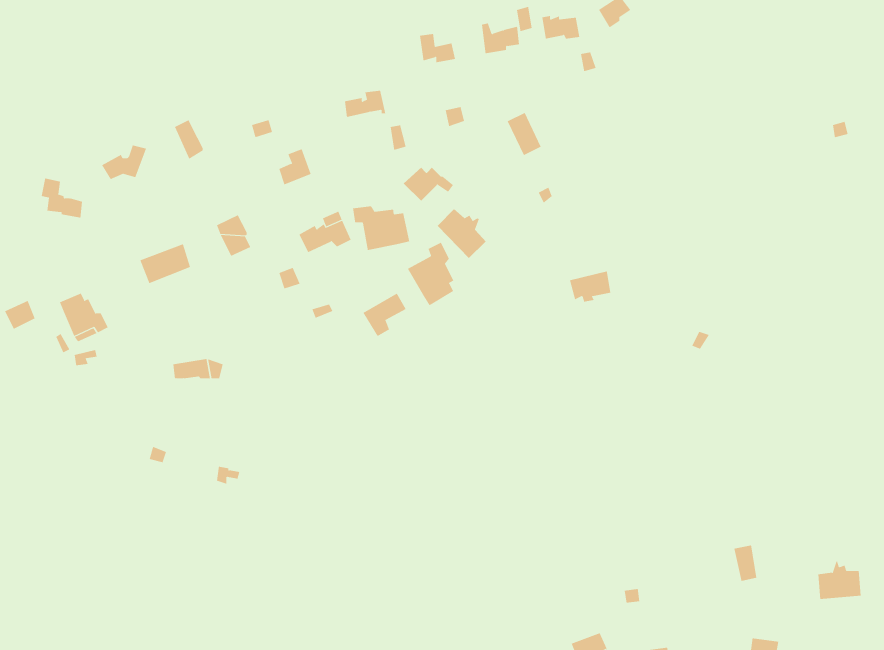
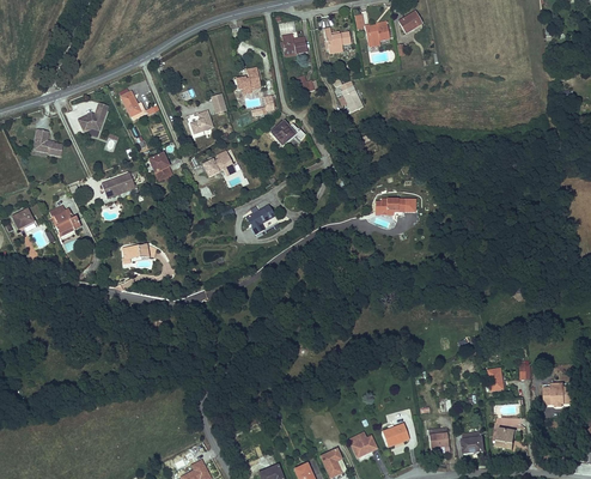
building: [353,205,410,251] -> none
building: [437,208,486,259] -> none
building: [407,242,454,306] -> none

